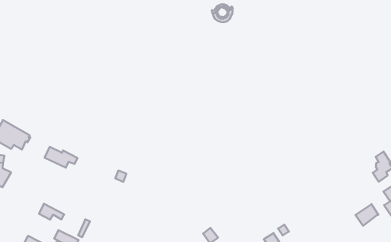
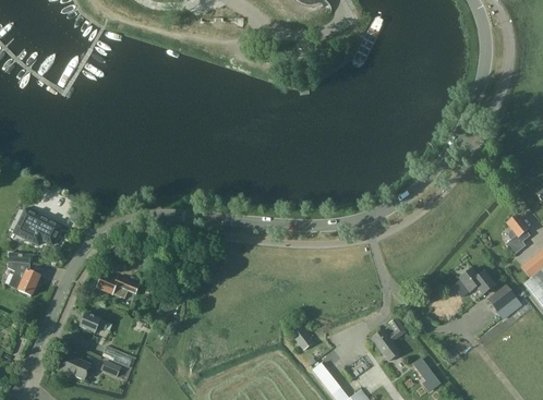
building: [45,147,78,168] -> [96,275,138,300]
building: none -> [459,270,494,296]

